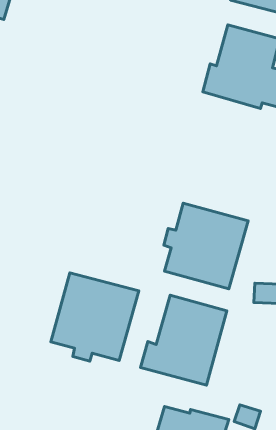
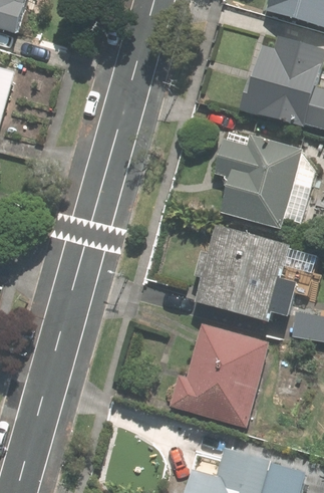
building: none -> [217,137,301,230]
building: [51,273,139,361] -> none

